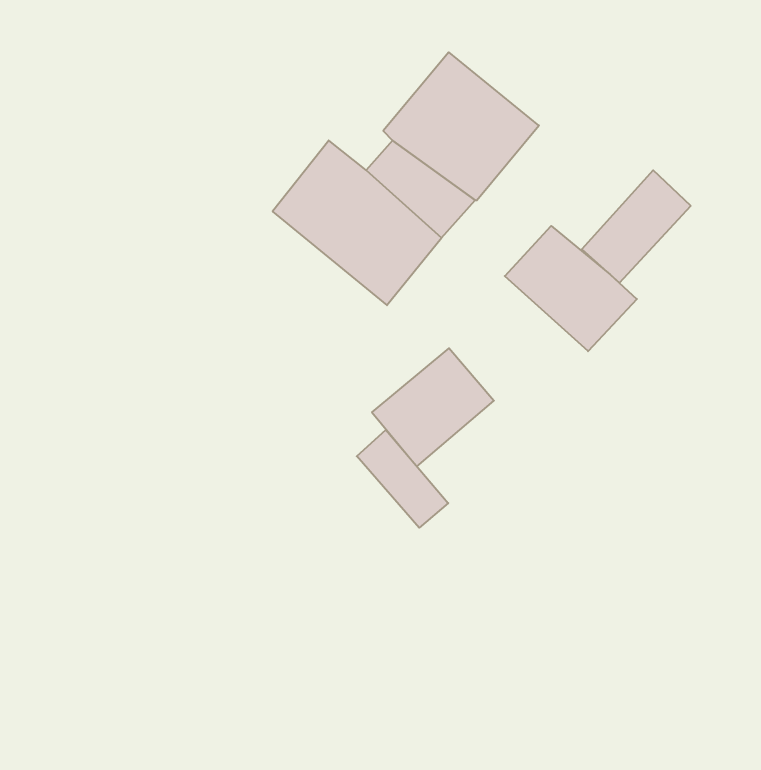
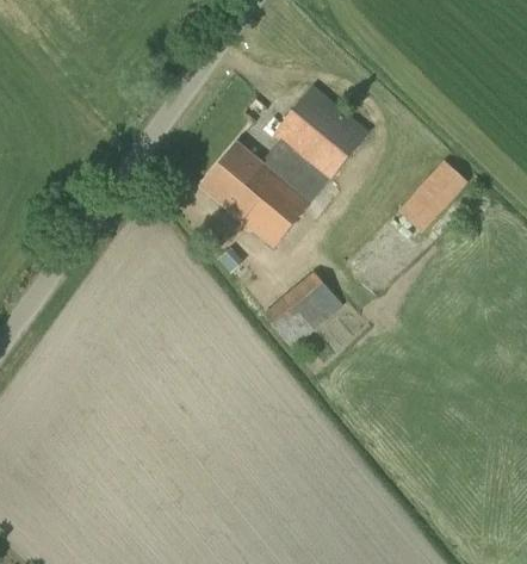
building: [505,226,637,351] -> none
building: [357,430,448,528] -> none

